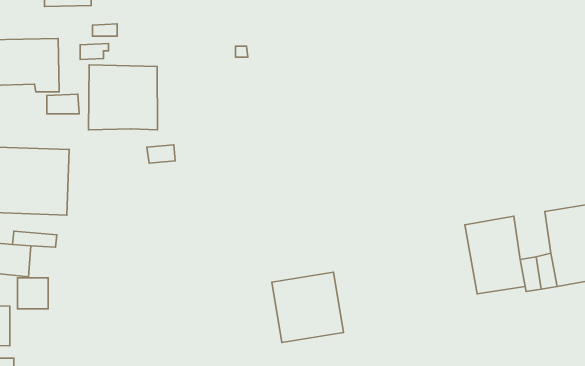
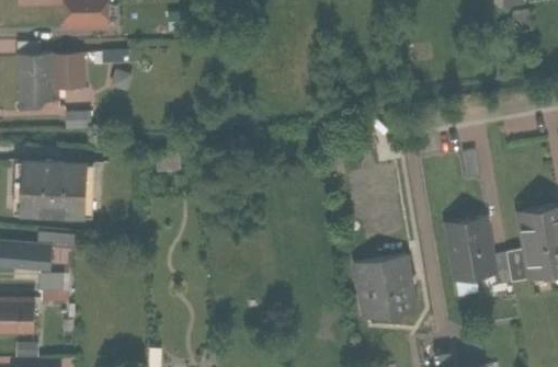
building: [88,65,157,130] -> none
building: [272,272,343,342] -> [351,256,414,319]

